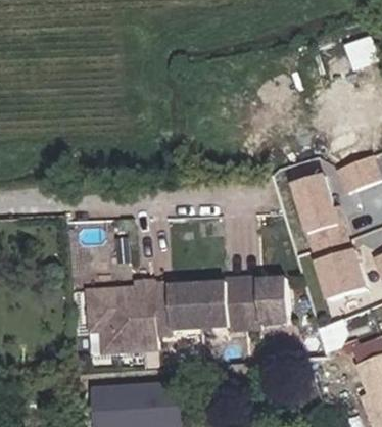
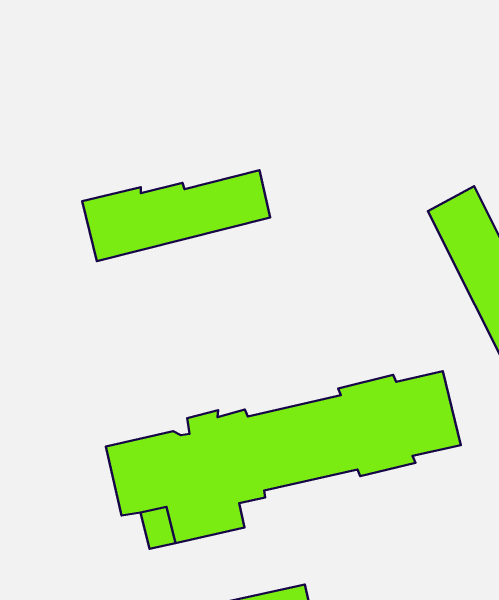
building: none -> [82,170,270,261]

